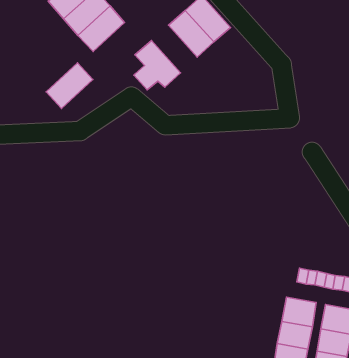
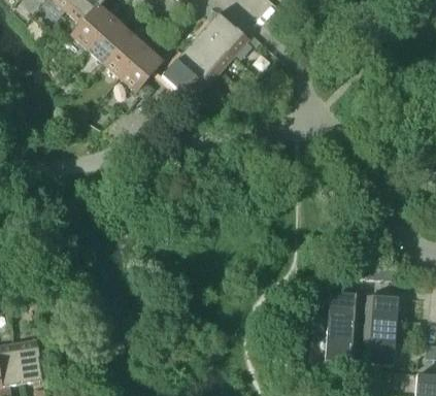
building: none -> [174,43,220,88]
building: [46,63,93,109] -> [120,45,163,91]

